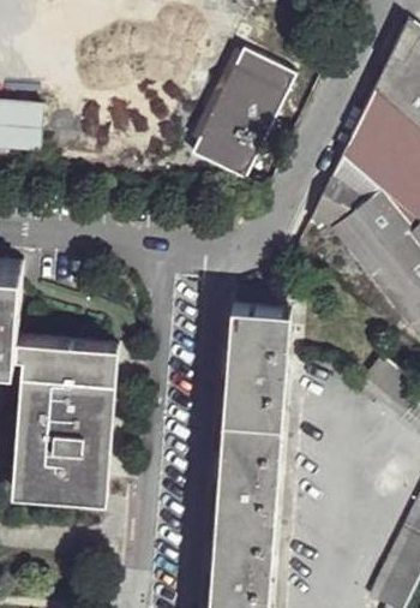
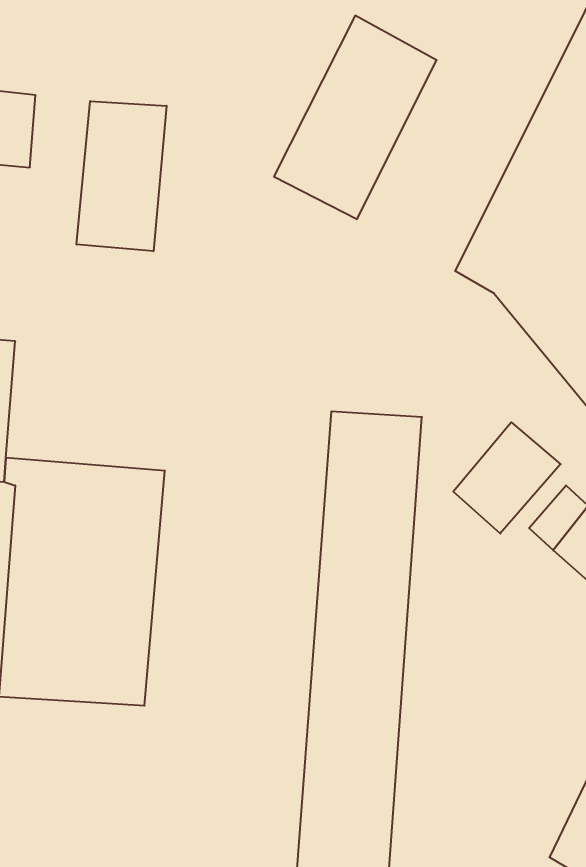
building: none -> [77,101,167,251]
building: none -> [453,422,561,534]

